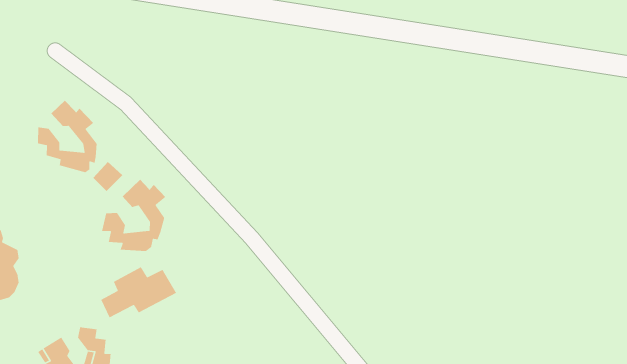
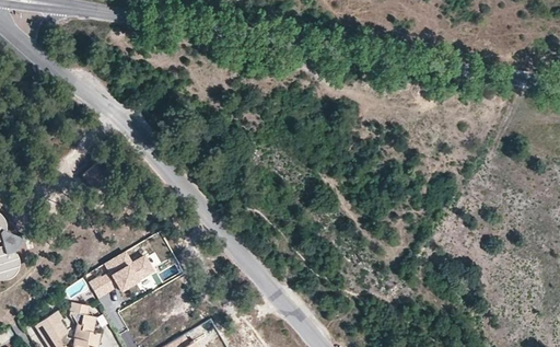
building: [37,100,97,173] -> none
building: [101,179,166,252] -> none

